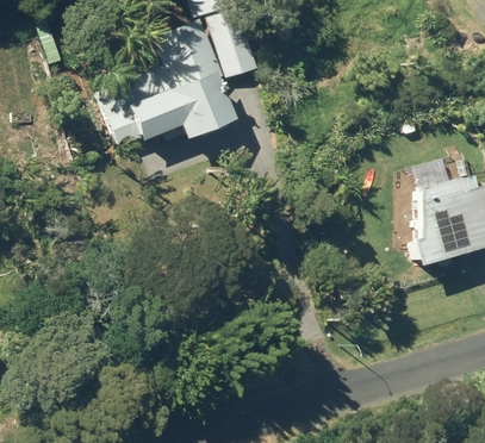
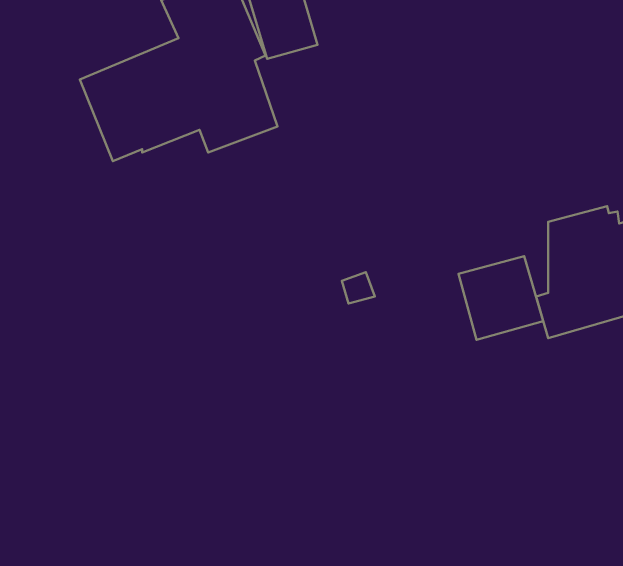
building: none -> [459,256,543,340]

